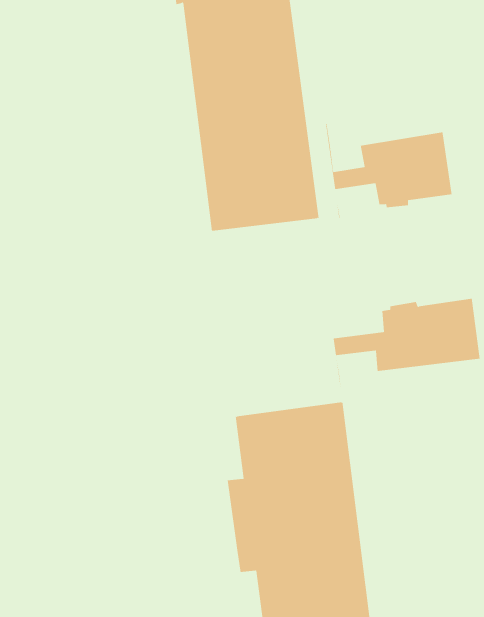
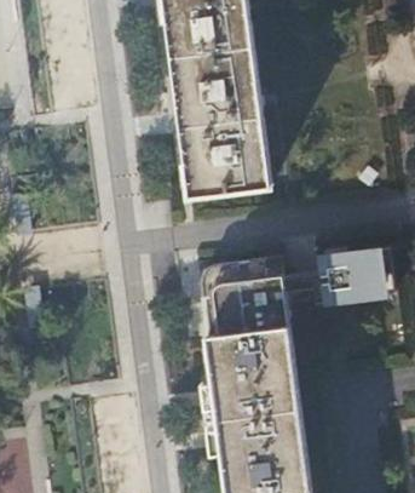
building: [326,123,452,219] -> none
building: none -> [201,259,289,339]

